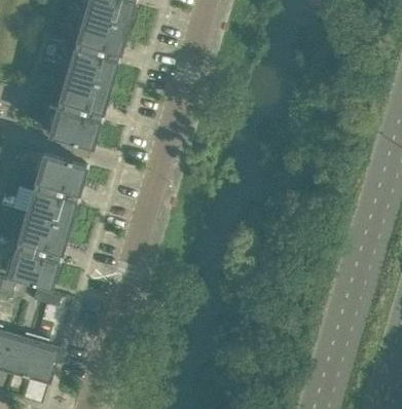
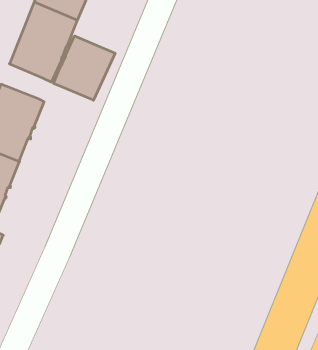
building: none -> [54,36,115,100]

